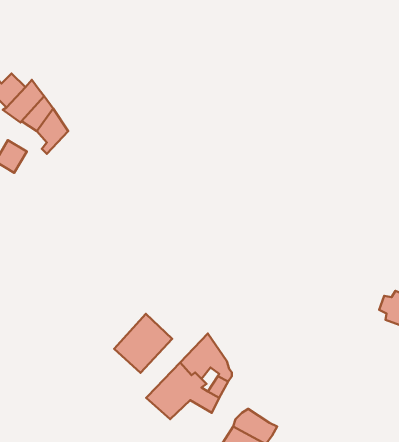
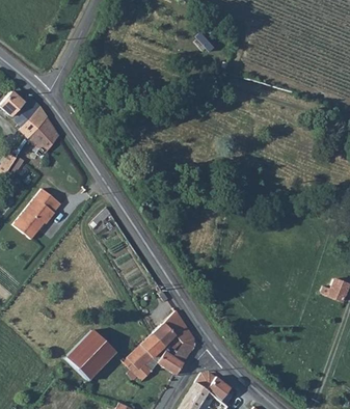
building: none -> [15,189,58,240]
building: [114,314,172,373] -> [68,329,115,378]

